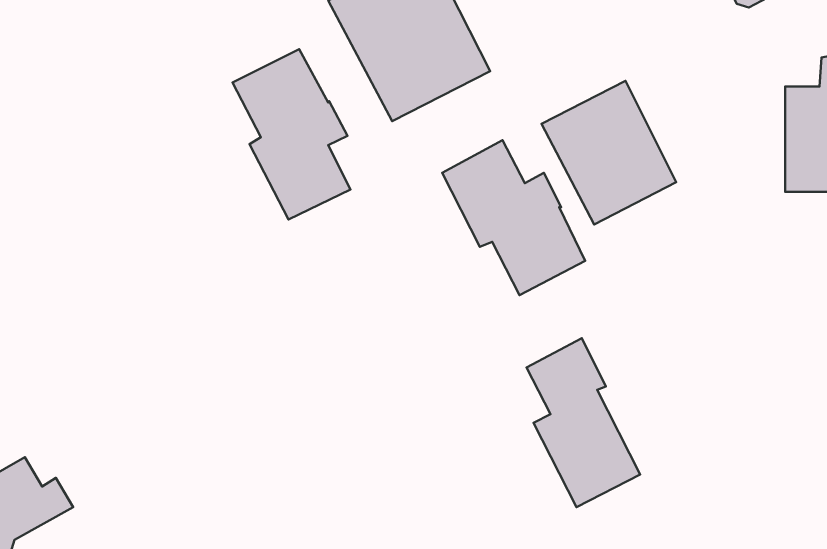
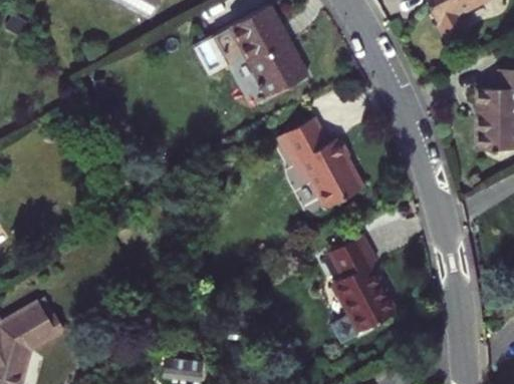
building: [233,49,351,220] -> none
building: [542,81,676,225] -> none

